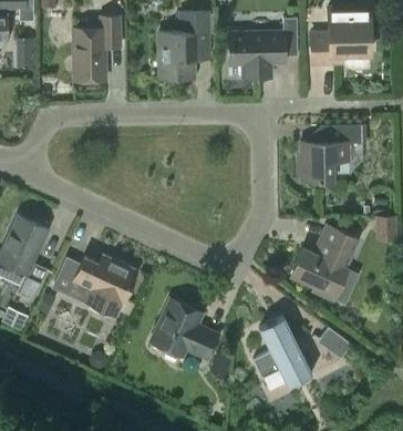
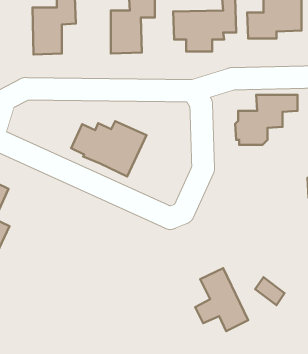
building: [290,225,358,299] -> none
building: [54,255,137,316] -> [71,121,146,176]
building: [151,299,218,359] -> none

